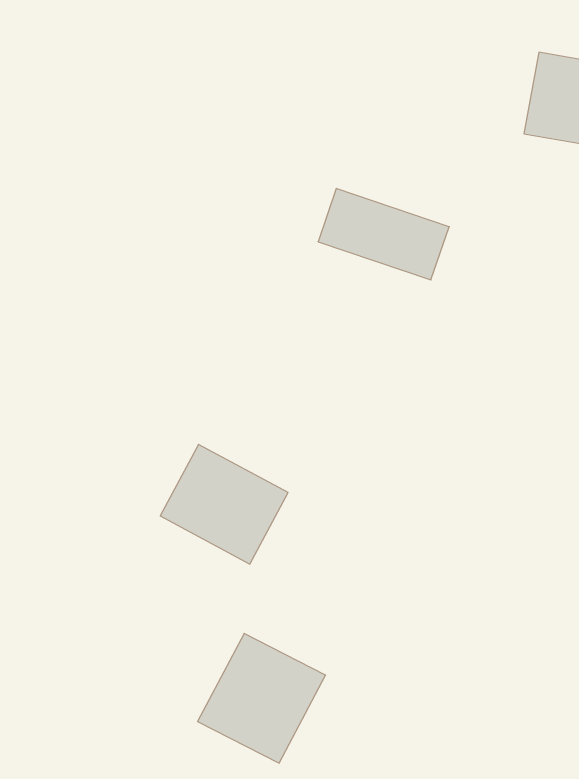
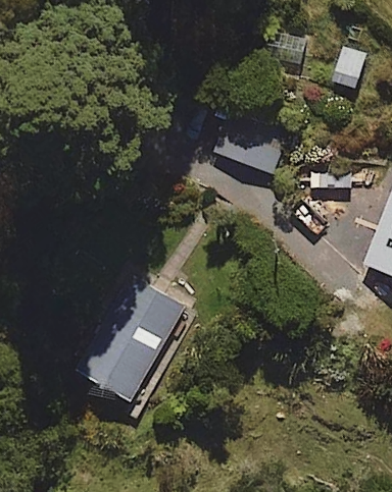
building: [198,633,326,763] -> [82,323,160,402]

